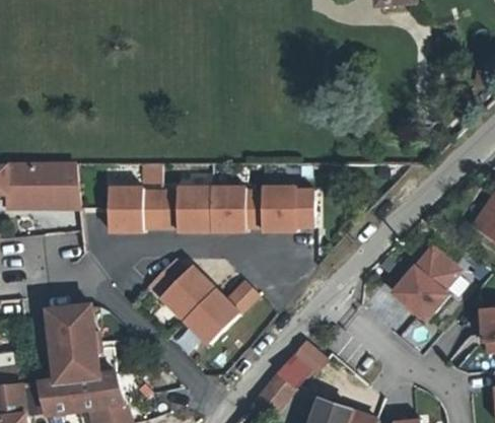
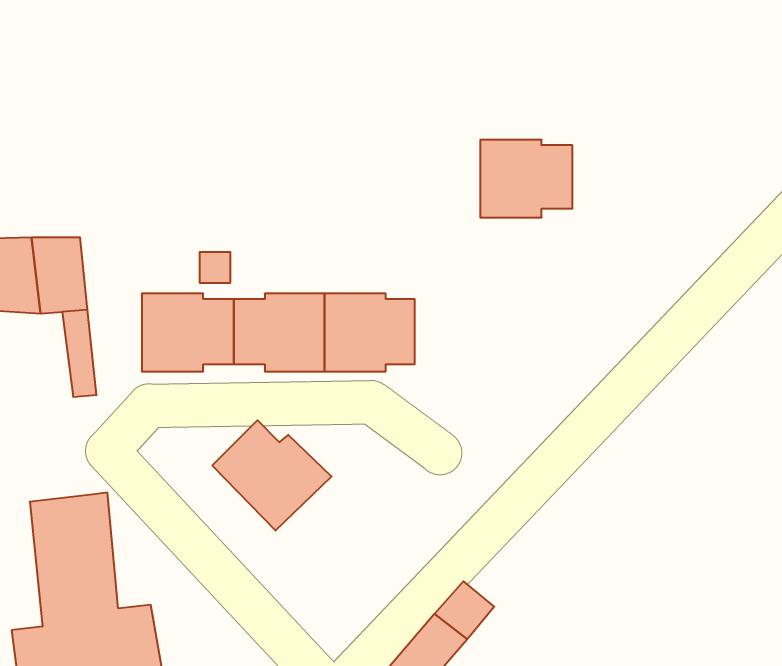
building: [264,189,315,232] -> [480,140,572,218]
building: [394,248,461,322] -> none
building: [186,282,260,345] -> none

